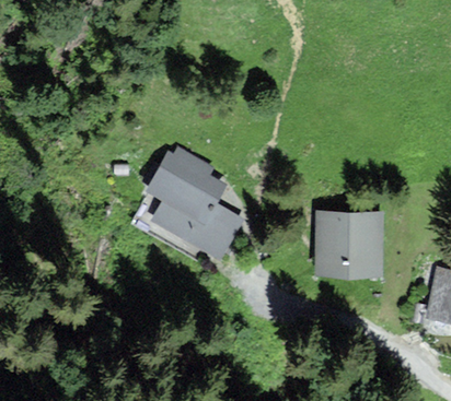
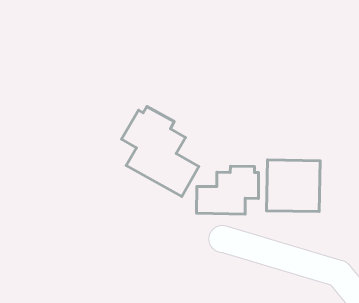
building: none -> [197,166,259,214]

